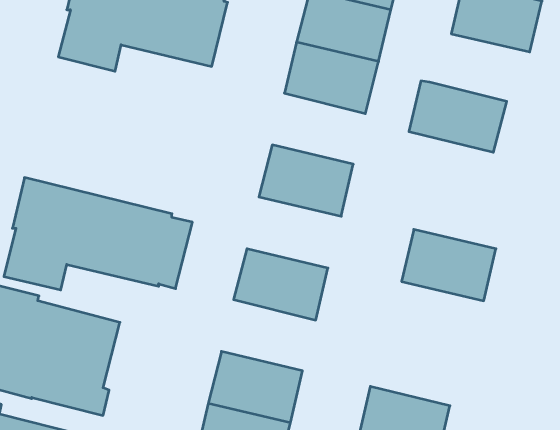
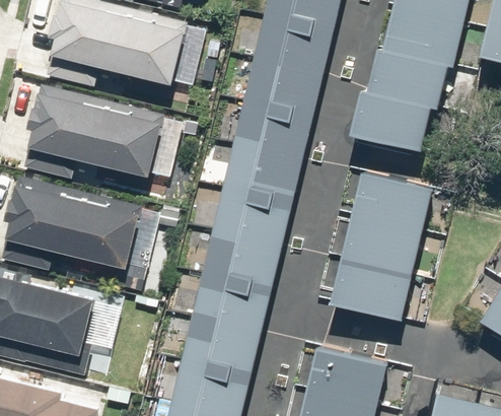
building: none -> [364,55,444,115]
building: none -> [30,85,172,180]
building: none -> [232,107,310,166]
building: none -> [351,177,430,237]
building: none -> [211,194,290,254]
building: none -> [330,265,410,326]
building: none -> [190,280,269,340]

